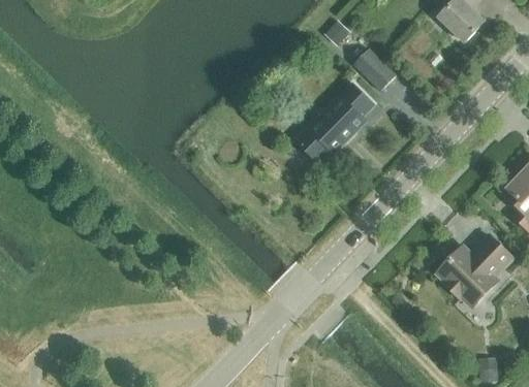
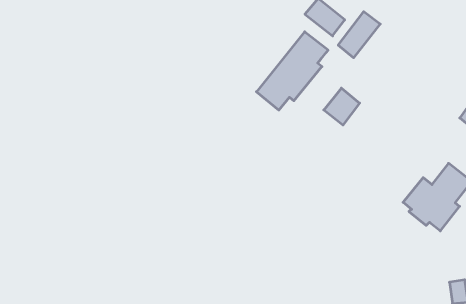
building: none -> [338,12,380,58]
building: none -> [324,88,360,125]

